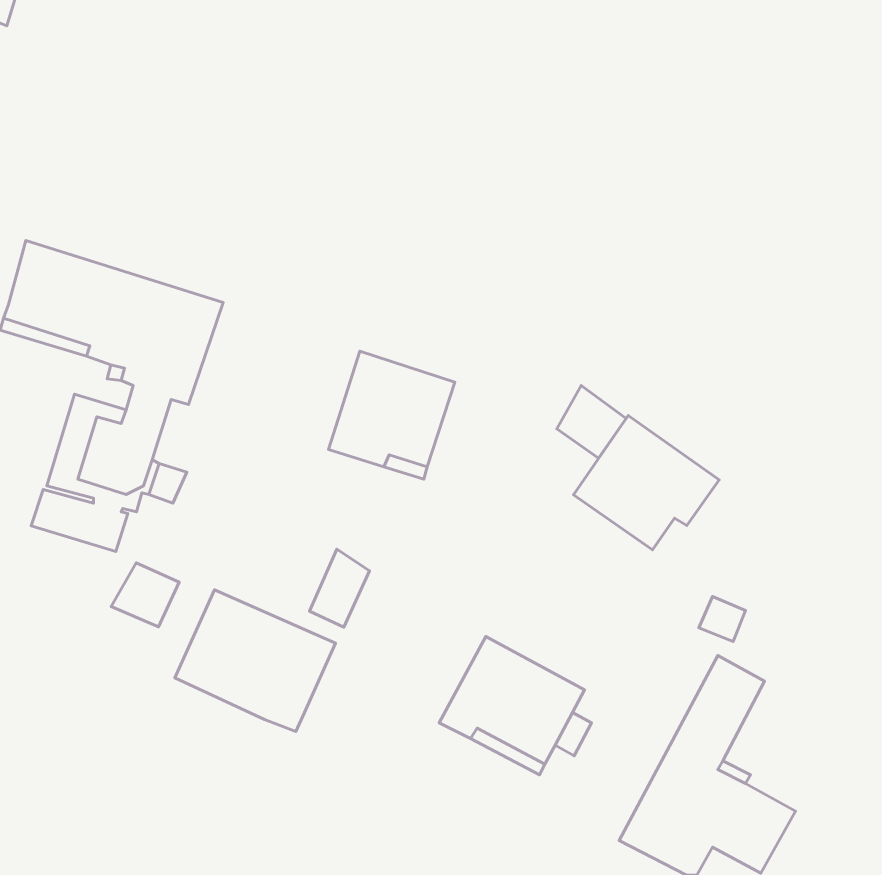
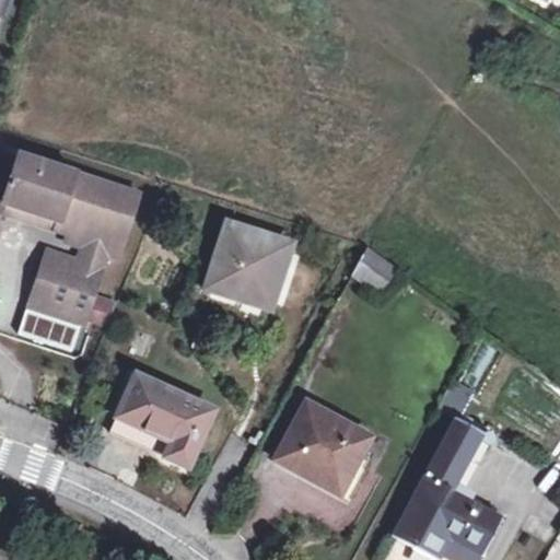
building: [573,415,719,550] -> none
building: [310,549,369,627] -> none
building: [111,563,179,627] -> none

